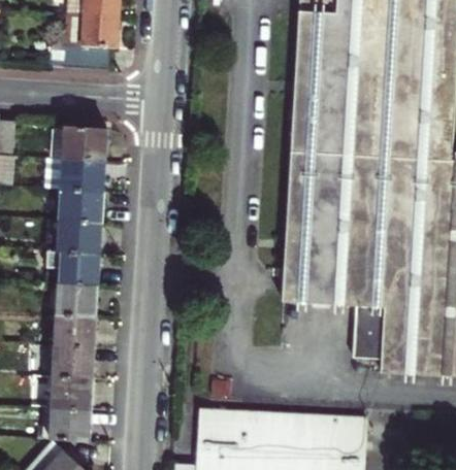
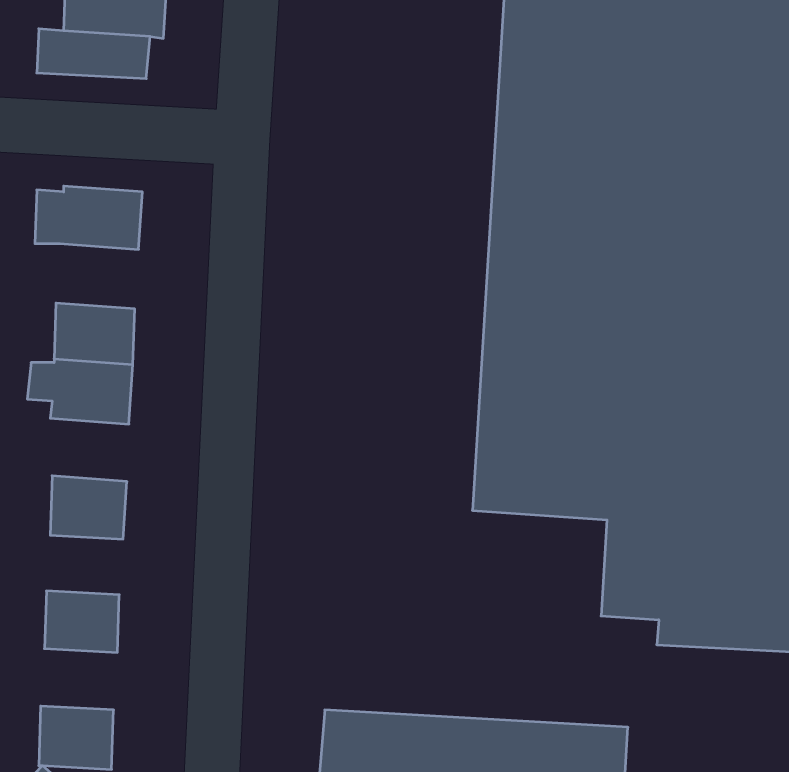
building: [43,156,103,192] -> none
building: [44,249,98,284] -> none
building: [54,313,95,345] -> none
building: [51,374,92,407] -> none

